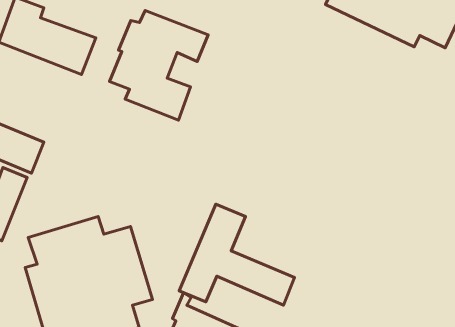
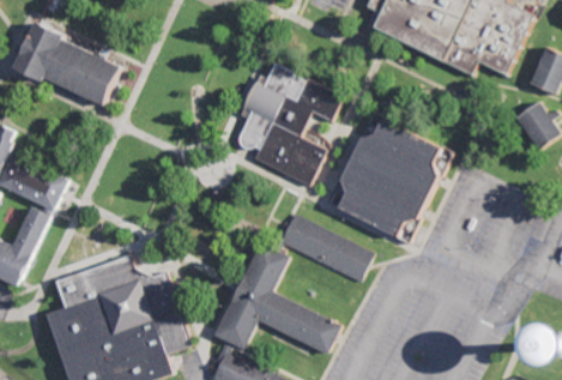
building: [110,10,208,120] -> [232,66,339,185]
building: none -> [324,115,449,241]
building: none -> [273,213,370,282]

